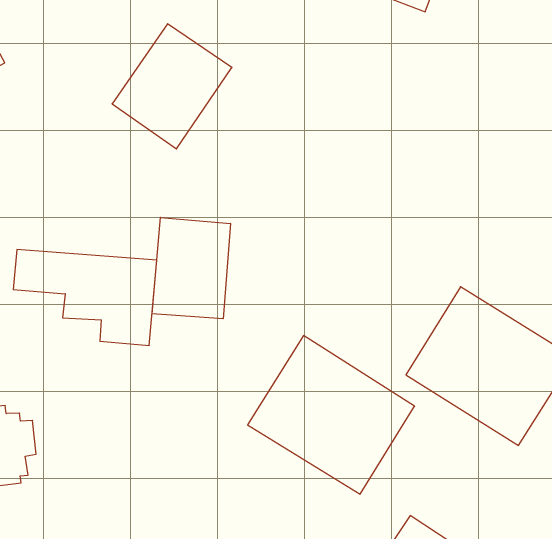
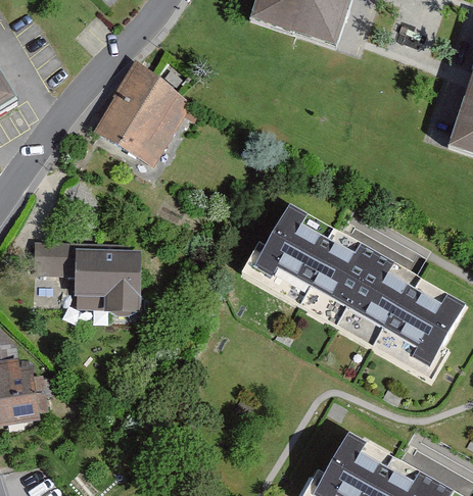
building: [152,217,230,319] -> none
building: [248,336,415,494] -> [247,205,374,324]

